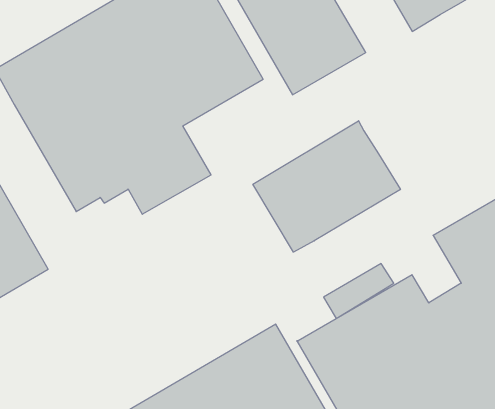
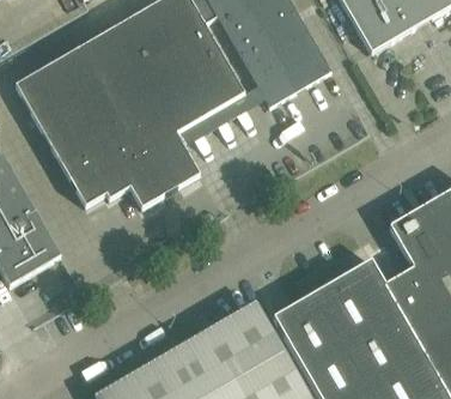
building: [253,121,400,252] -> none

